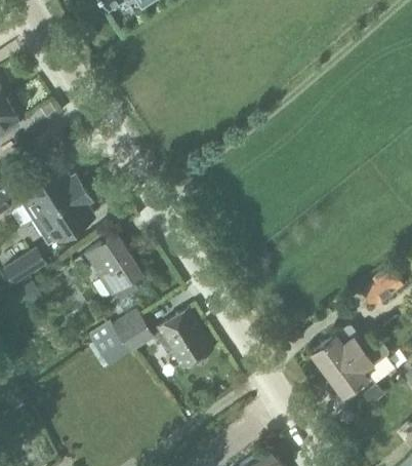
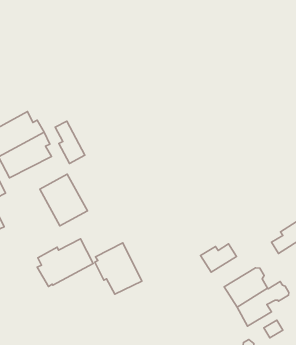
building: none -> [55,121,85,164]
building: none -> [201,244,236,272]

